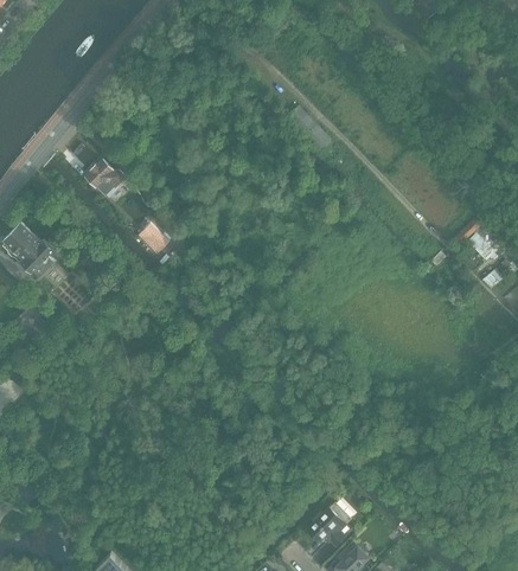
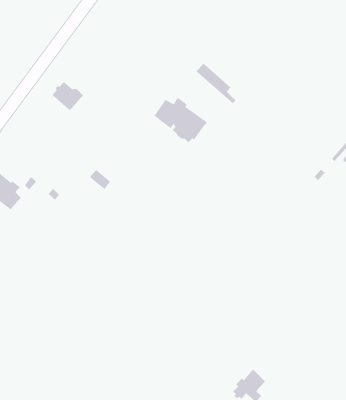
building: none -> [154,97,208,143]
building: [85,158,127,197] -> [51,81,84,111]

